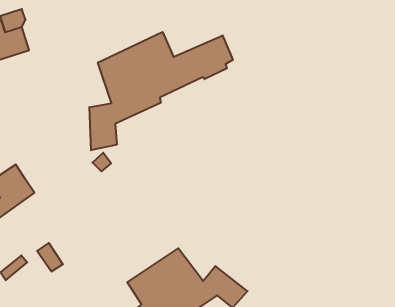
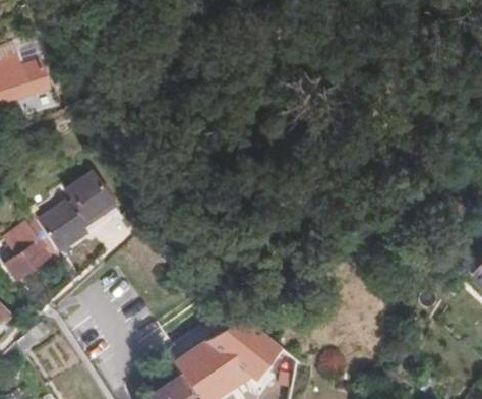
building: [89,32,233,150] -> none
building: none -> [43,173,118,250]

